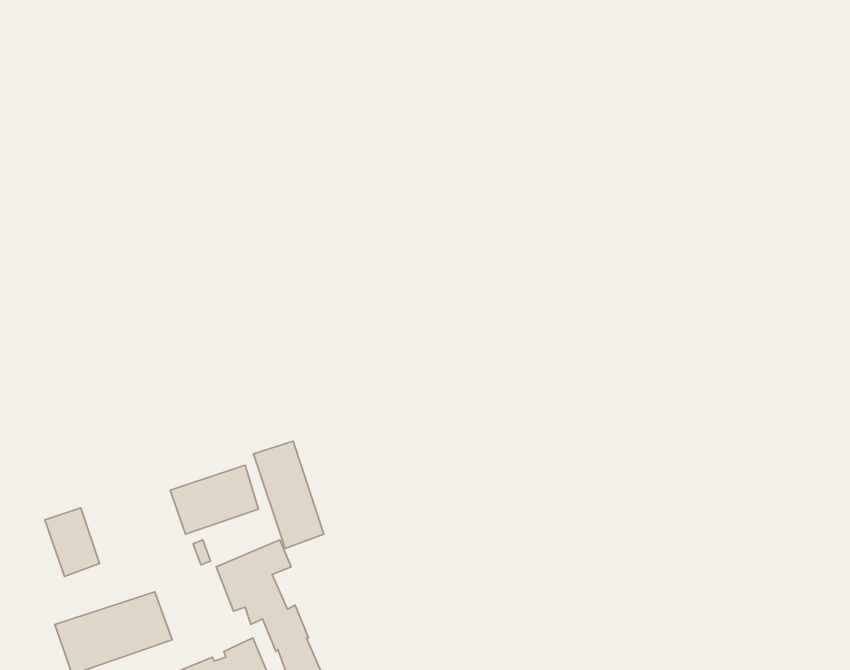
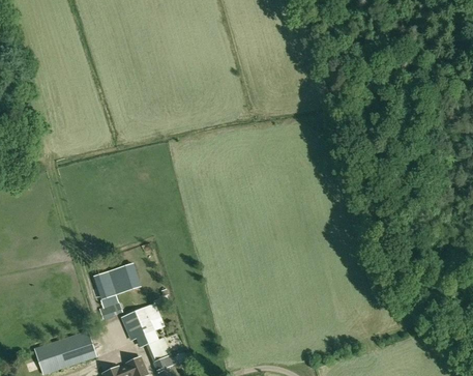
building: [253,441,324,549] -> none
building: [45,508,100,577] -> none

